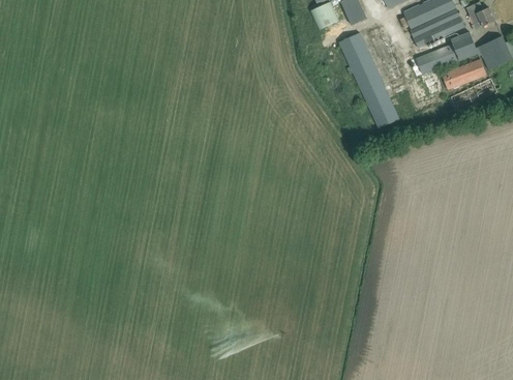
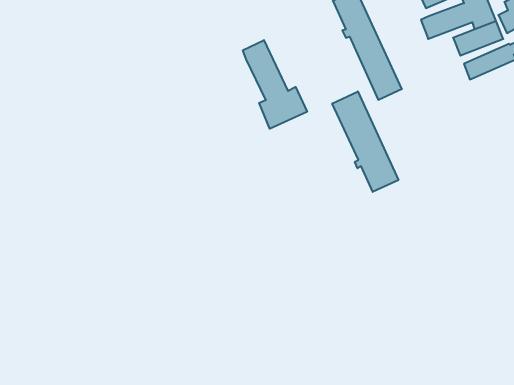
building: none -> [243,40,307,129]
building: none -> [332,91,398,192]

